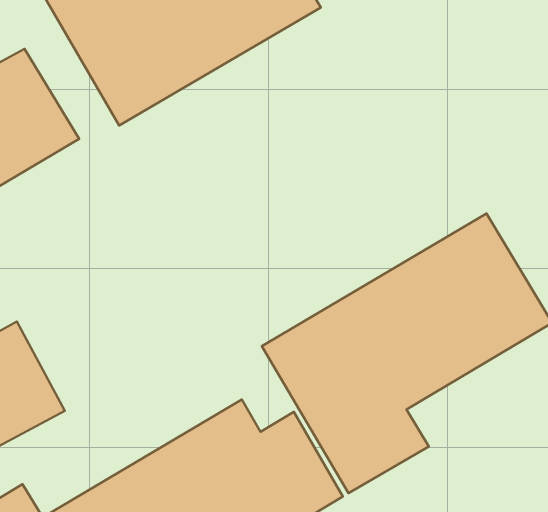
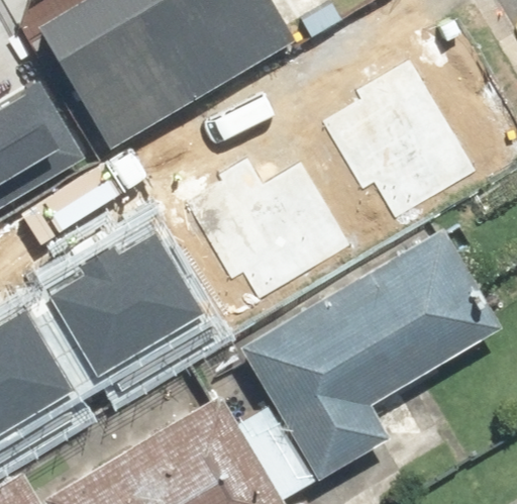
building: none -> [325,66,475,221]
building: none -> [190,169,350,300]
building: none -> [60,246,200,379]

